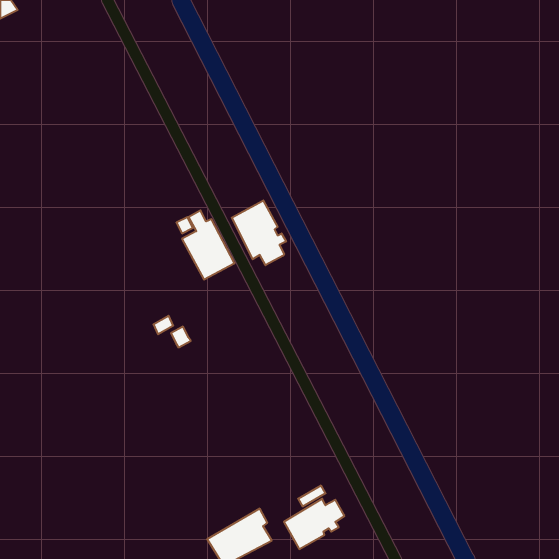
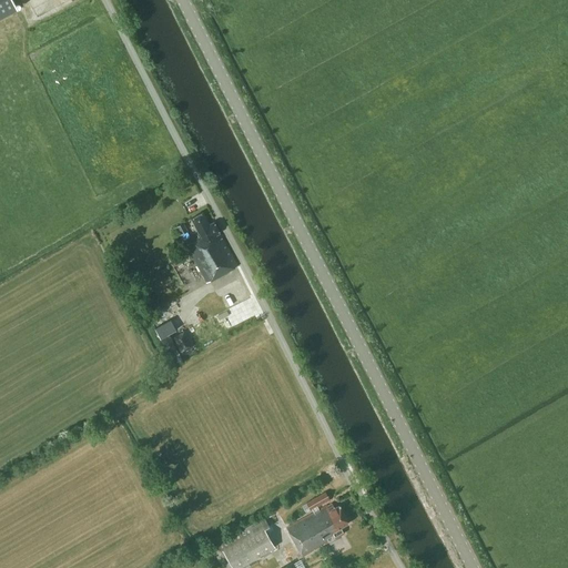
building: [232,200,286,265] -> none

